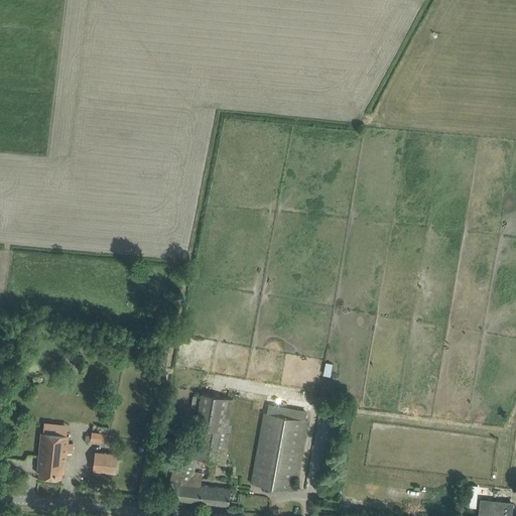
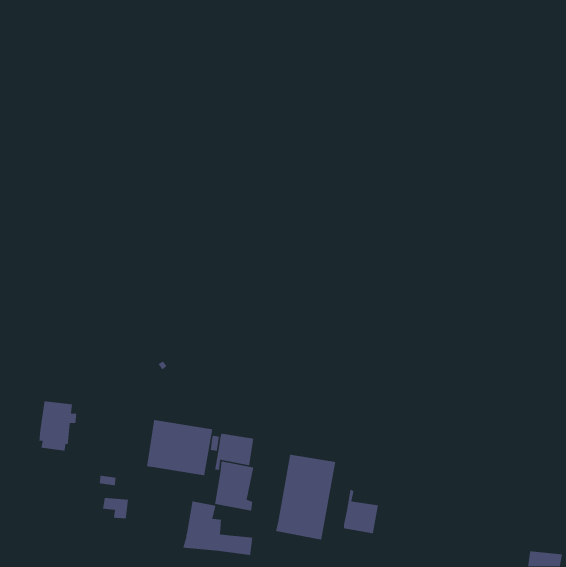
building: none -> [146,419,213,476]
building: [36,431,72,478] -> [38,401,77,452]
building: none -> [343,489,379,534]

